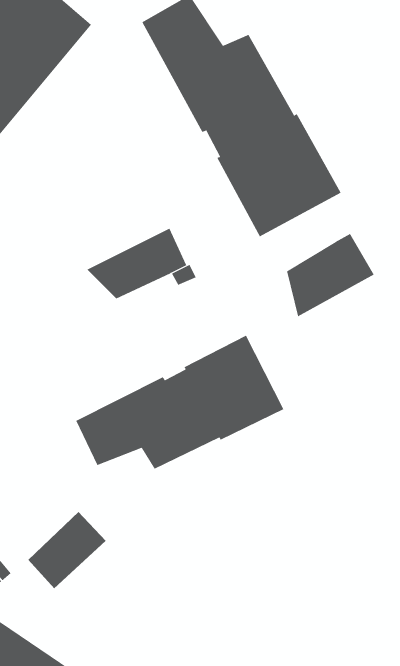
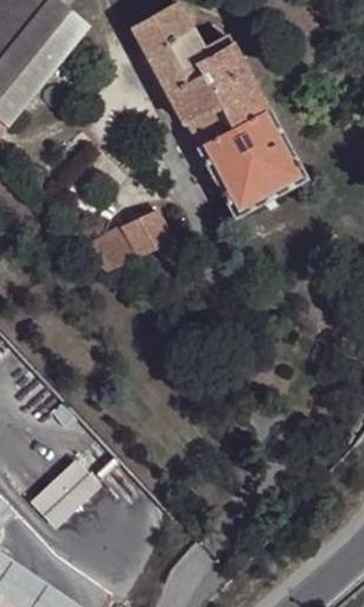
building: [287,233,374,317] -> none
building: [76,335,284,470] -> none

